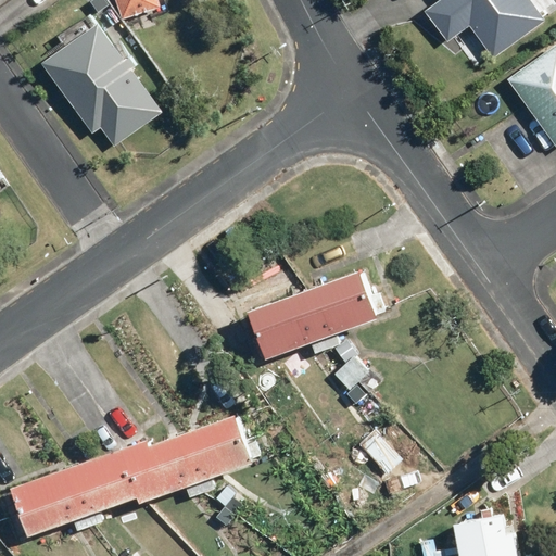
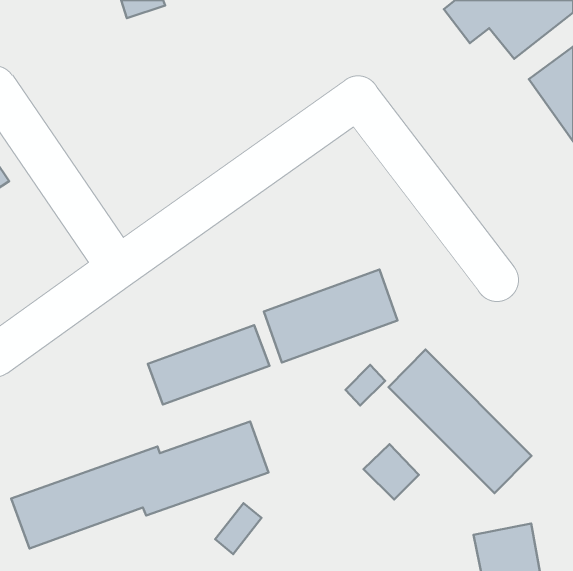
building: [43,17,165,151] -> none
building: none -> [148,325,269,405]
building: none -> [389,350,532,493]

